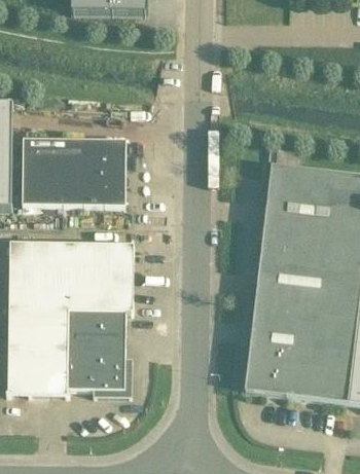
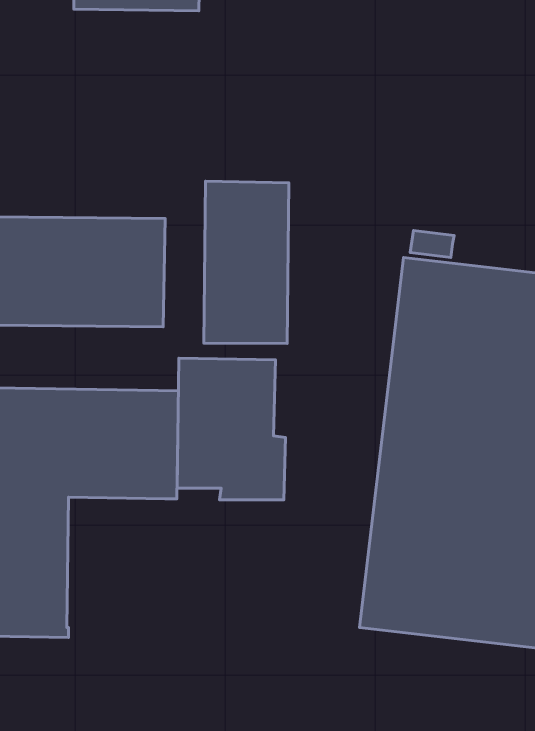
building: none -> [204,181,289,343]
building: [67,309,133,396] -> [177,358,285,500]

